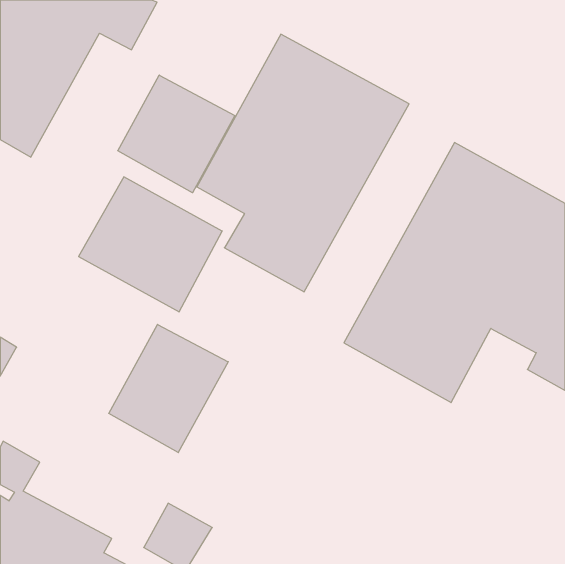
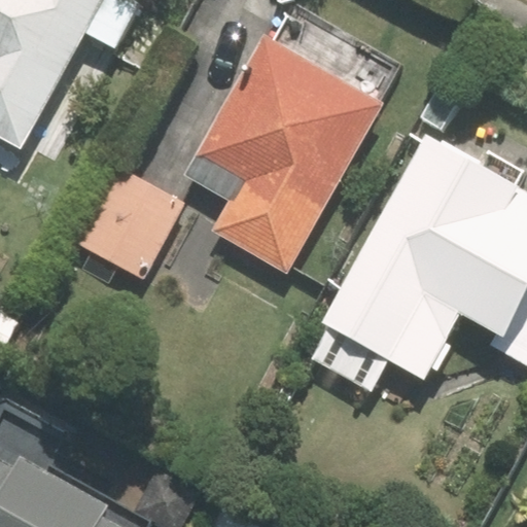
building: [118,75,235,193] -> none
building: [109,324,228,453] -> none

